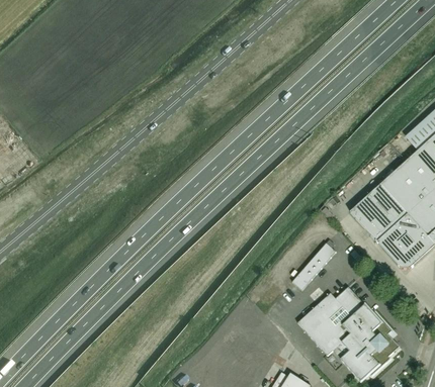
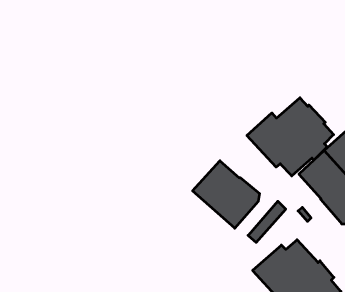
building: none -> [247,98,334,176]
building: none -> [193,161,260,228]

